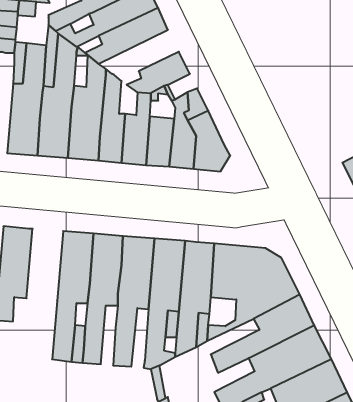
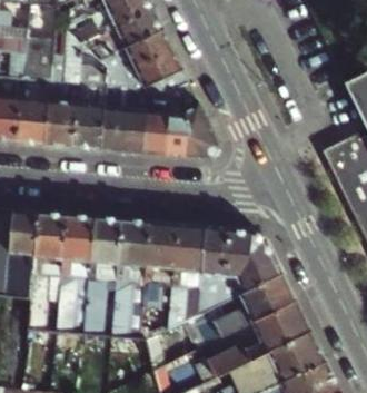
building: none -> [98,30,171,71]
building: none -> [29,212,66,330]

